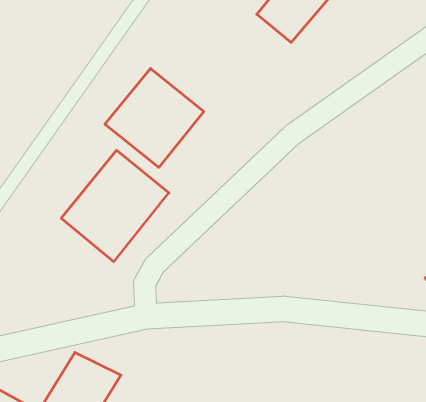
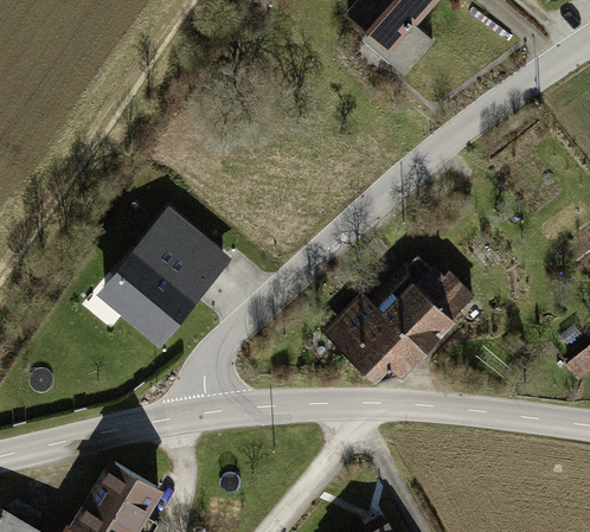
building: [105,68,204,167] -> none
building: none -> [322,251,476,397]

